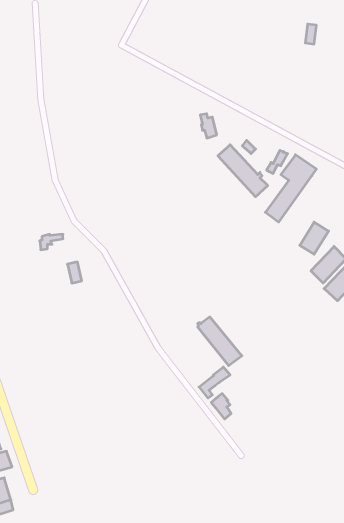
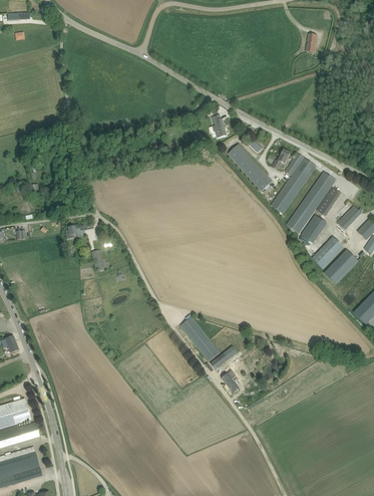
building: none -> [286,171,336,233]
building: [198,317,242,366] -> [180,316,221,360]

